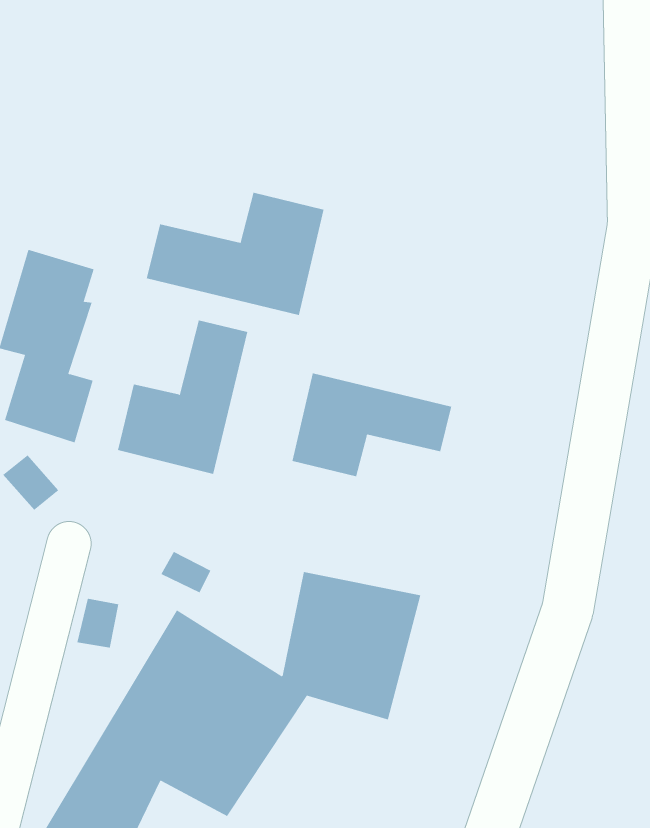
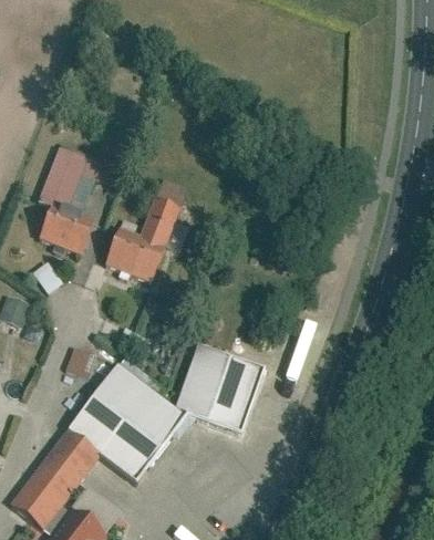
building: [146,192,324,316] -> none
building: [292,373,452,477] -> none

